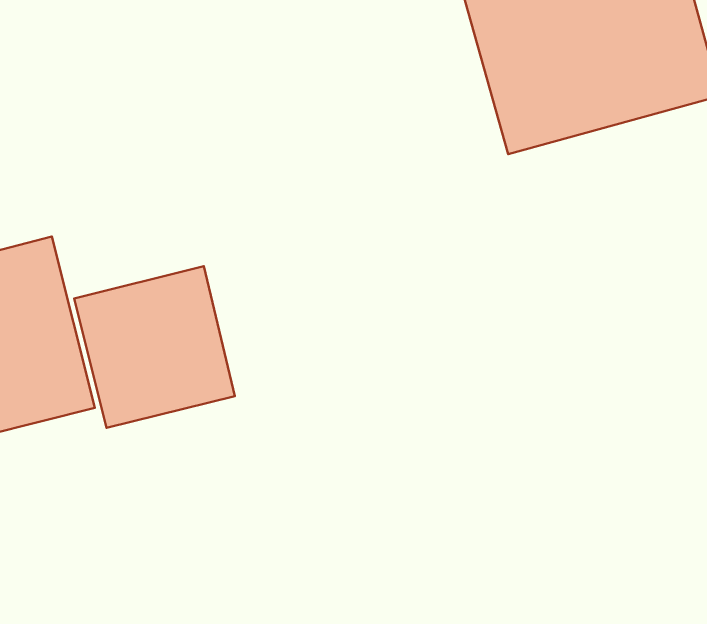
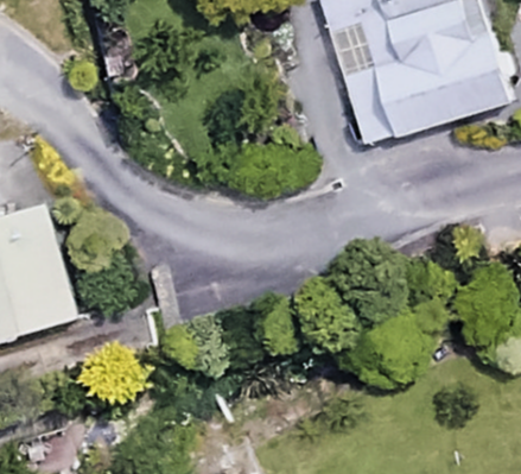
building: [74,266,235,428] -> none

